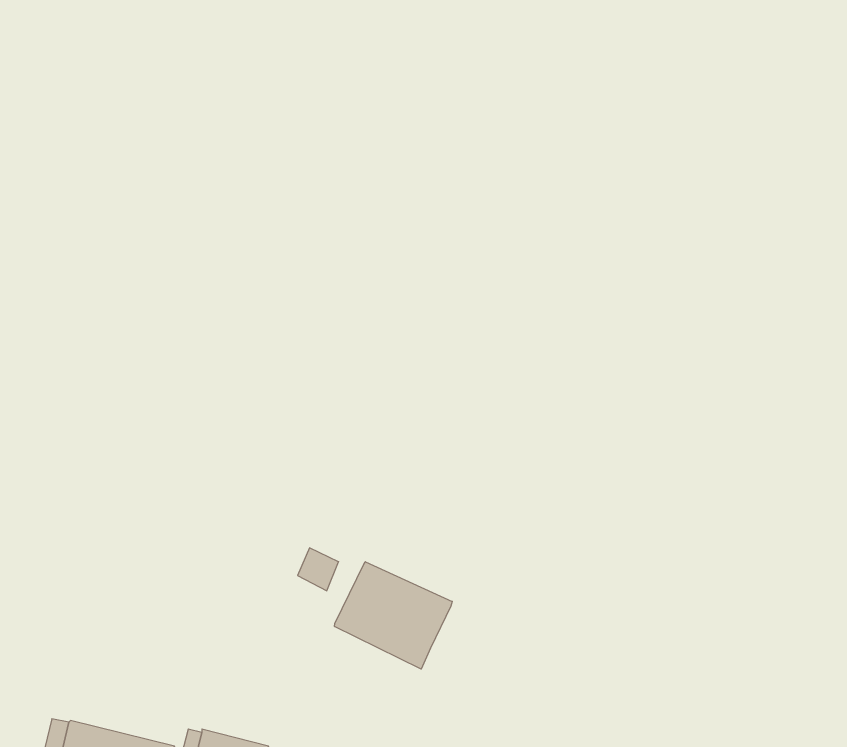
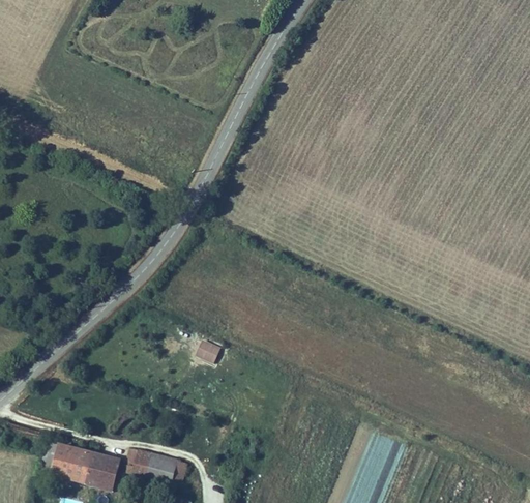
building: [335,562,452,669] -> none

